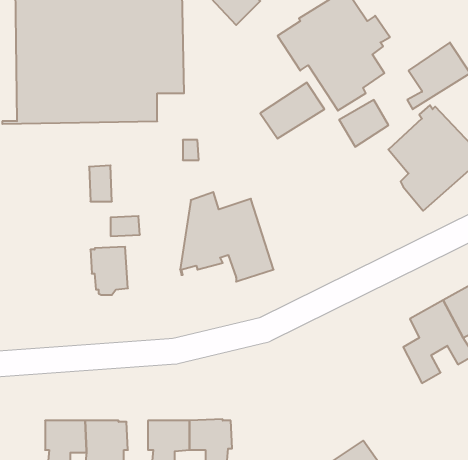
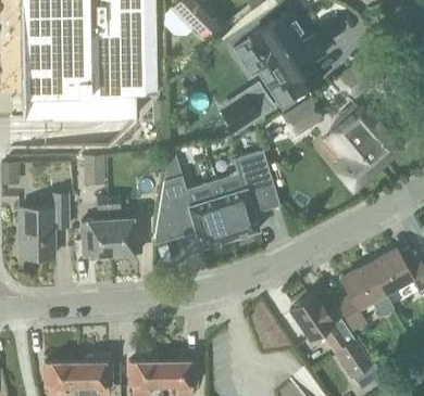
building: none -> [211,149,278,238]
building: none -> [18,192,68,256]
building: none -> [109,217,138,256]
building: none -> [289,293,345,346]
building: none -> [333,336,372,378]

